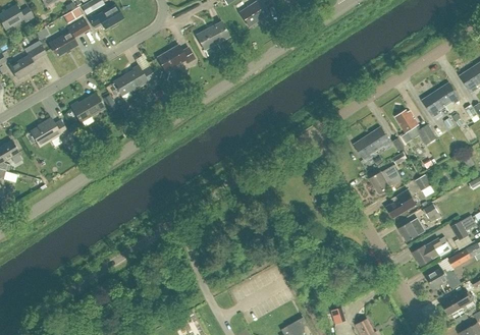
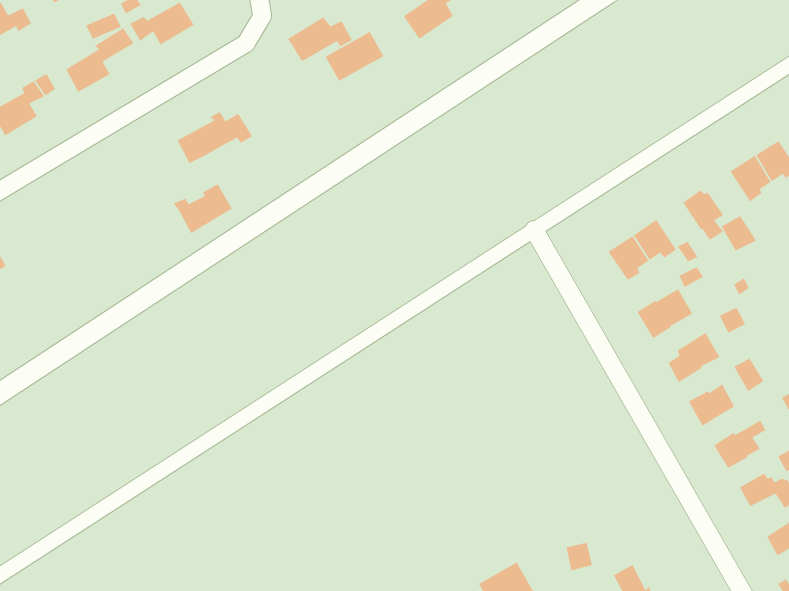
building: [157,45,194,70] -> [287,17,353,62]
building: [69,93,103,121] -> [173,183,233,234]
building: [31,117,68,146] -> none

